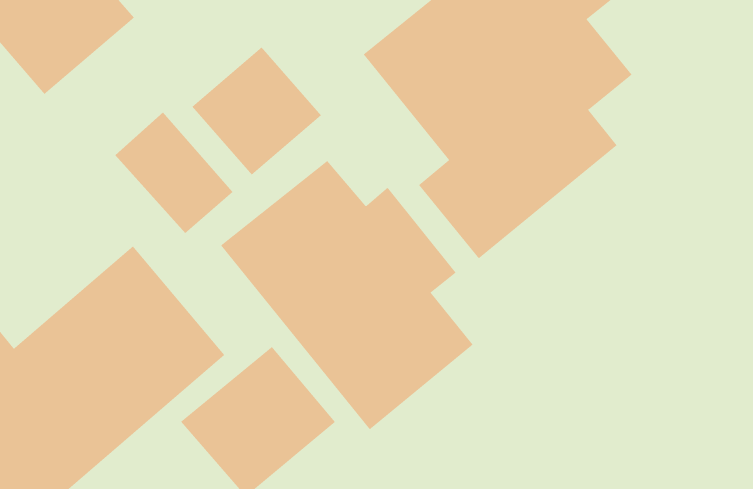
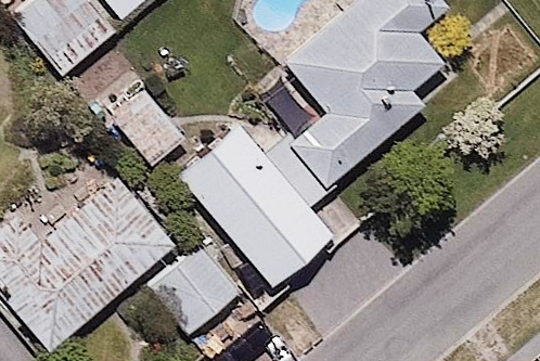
building: [192,47,322,176] -> none

